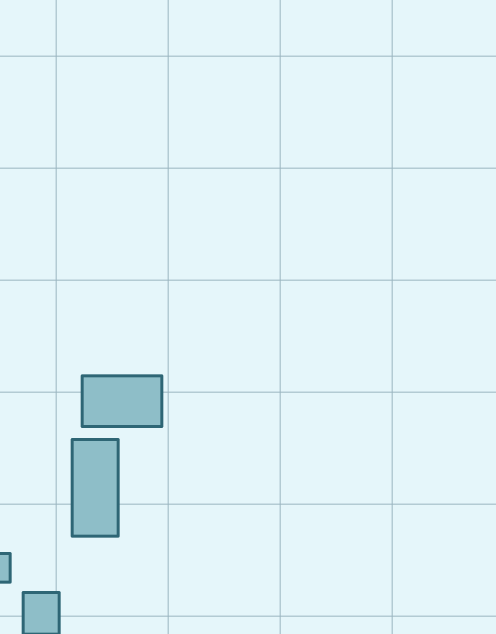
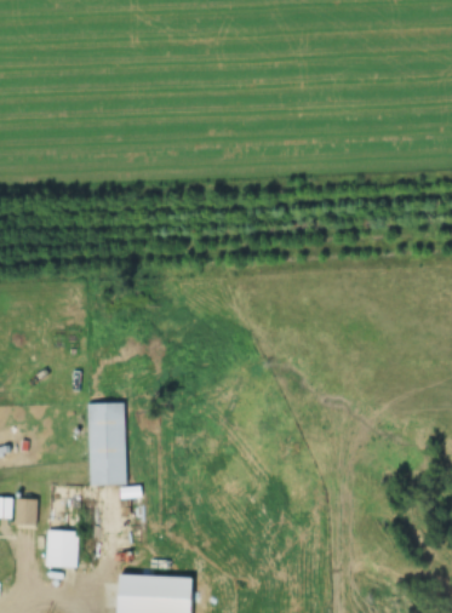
building: [82,376,162,426] -> none

